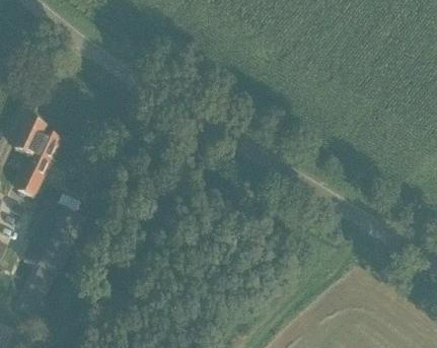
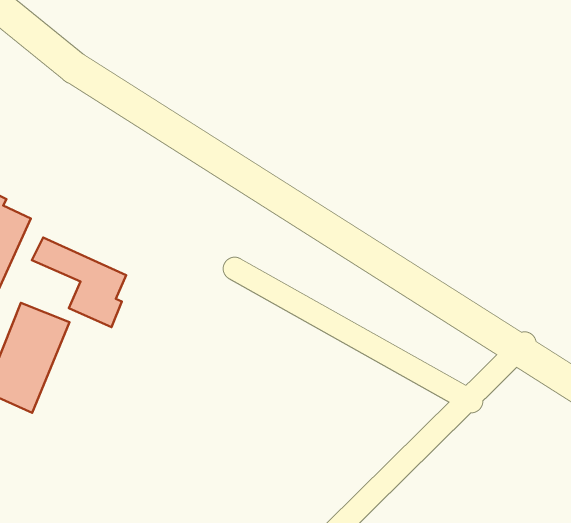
building: none -> [32,237,126,327]

